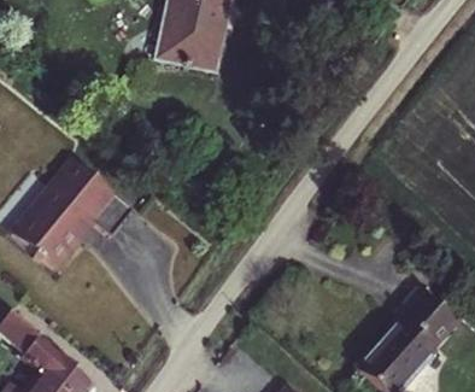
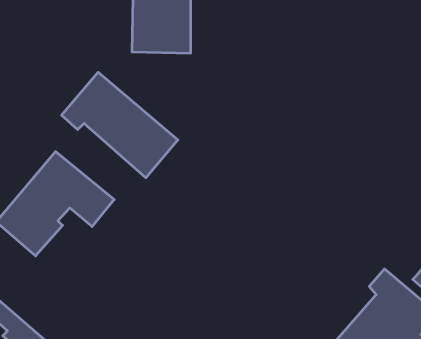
building: none -> [62,72,178,178]

